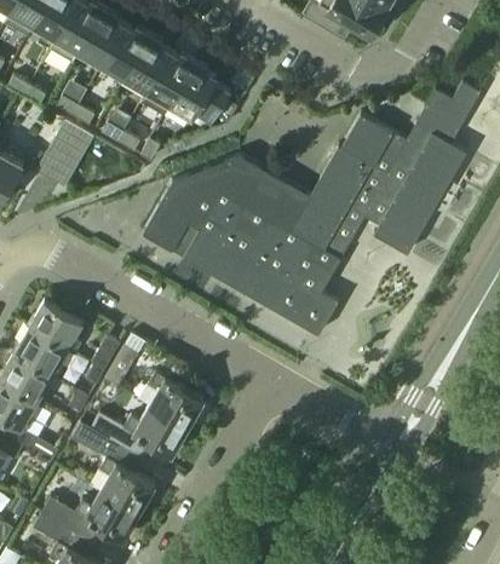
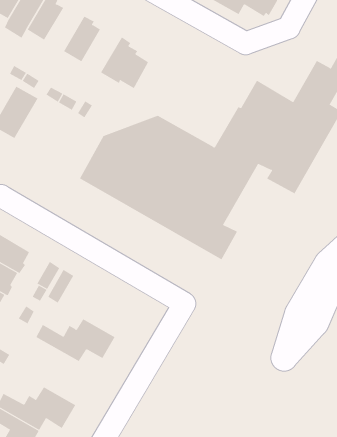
building: [100,25,149,79] -> none
building: [142,52,195,115] -> none
building: [148,373,203,430] -> none
building: [81,430,155,513] -> none

